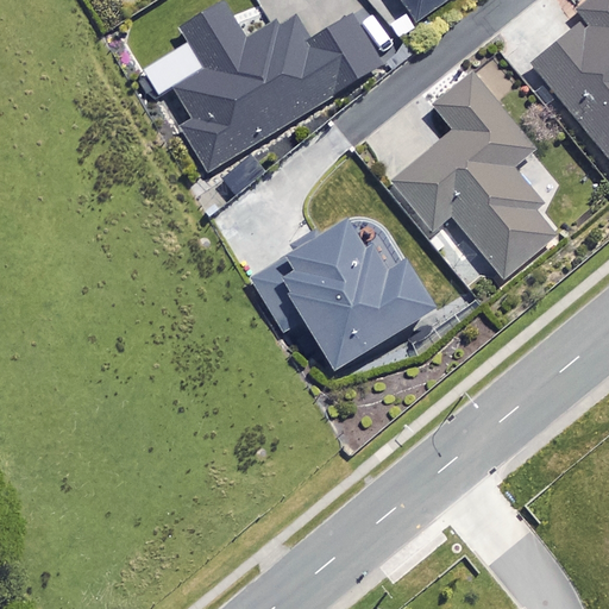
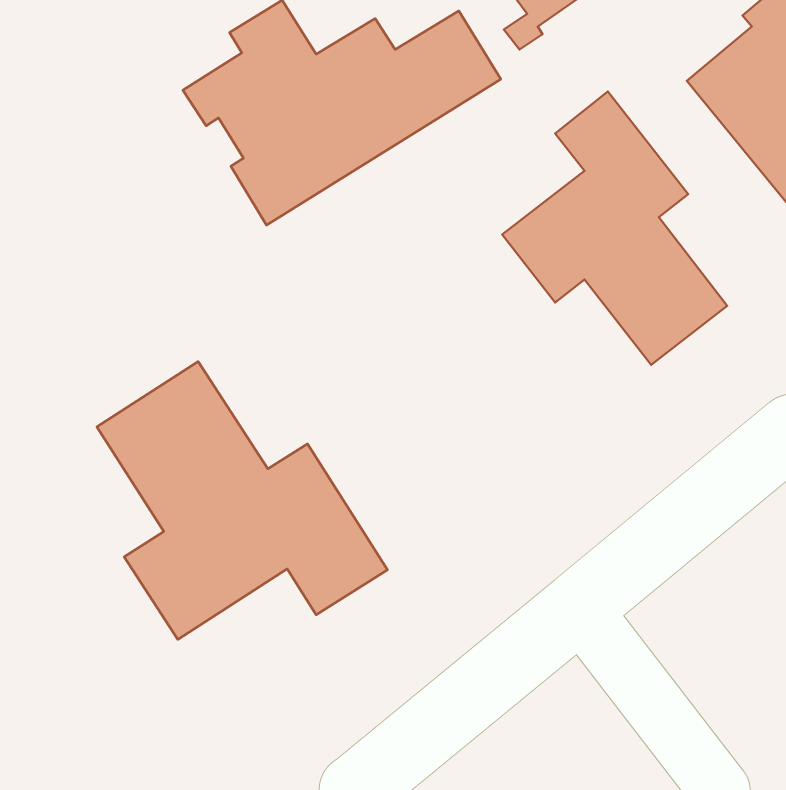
building: [253,215,432,370] -> none
building: none -> [97,362,387,640]

